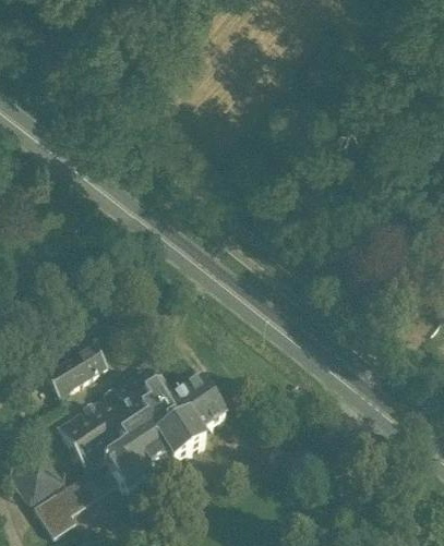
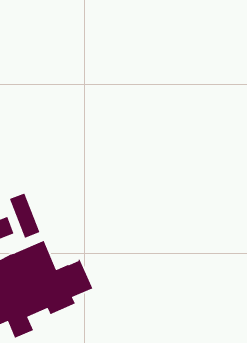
building: none -> [9,192,40,239]

